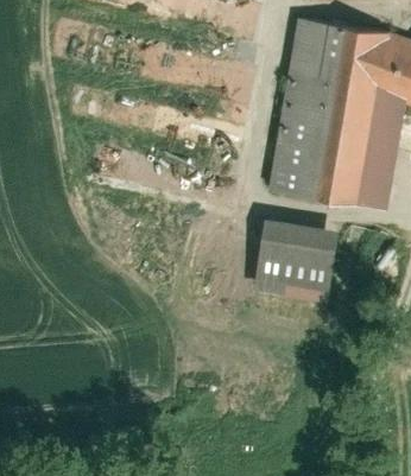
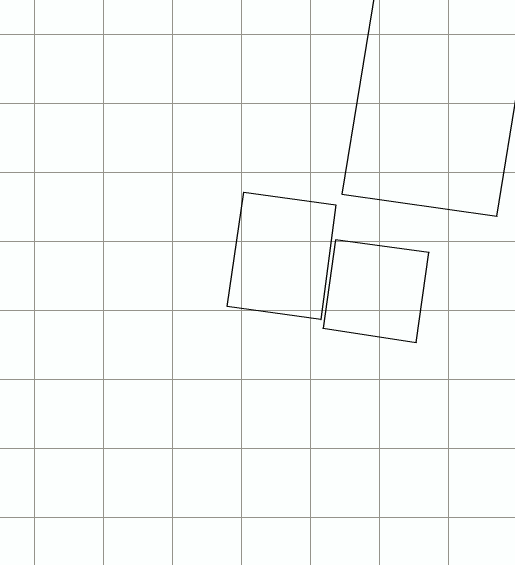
building: none -> [227,192,336,320]

